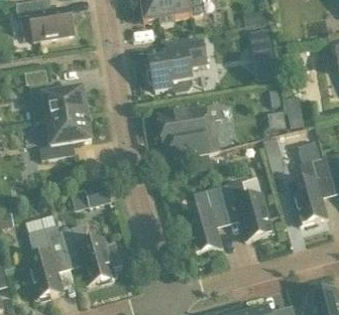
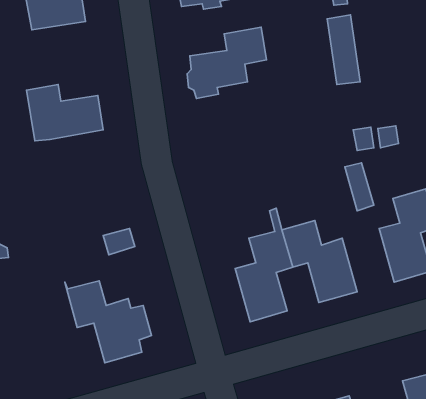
building: [158,105,221,156] -> none
building: [40,112,92,158] -> none
building: [25,223,68,297] -> none

